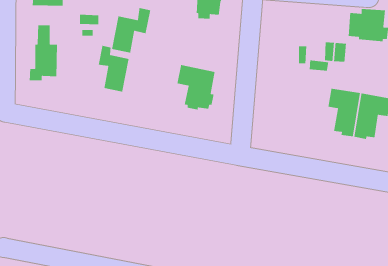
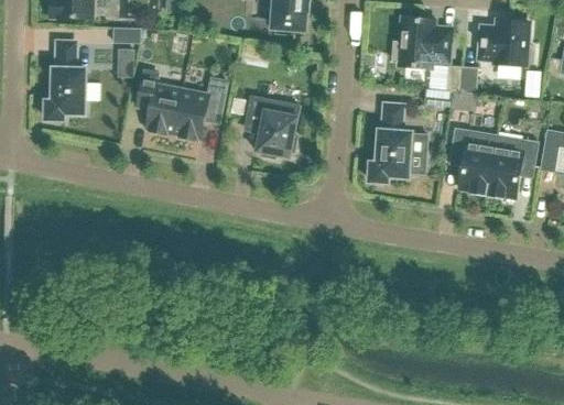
building: none -> [392,17,452,67]
building: [111,7,151,54] -> [173,77,227,140]
building: none -> [369,103,429,182]

